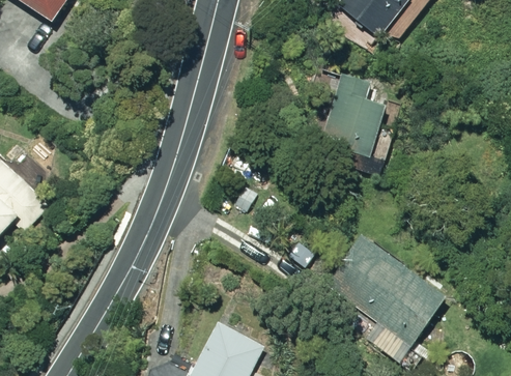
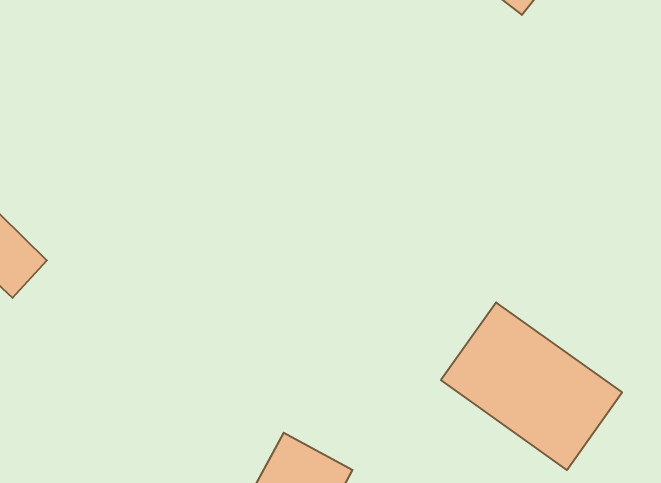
building: [317,69,394,171] -> none

